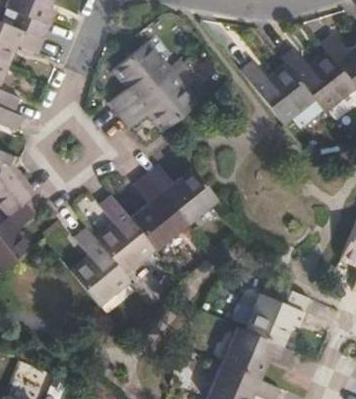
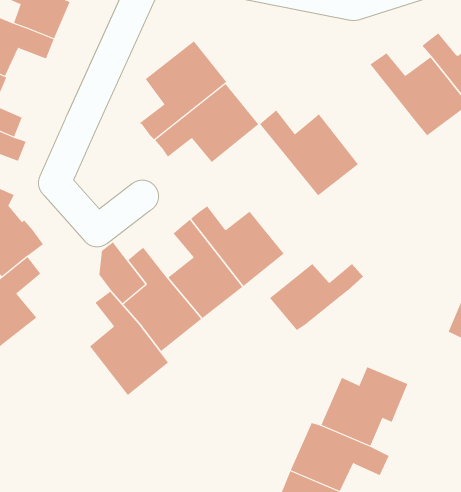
building: [240,60,315,125] -> [259,110,359,196]
building: none -> [269,263,364,331]

